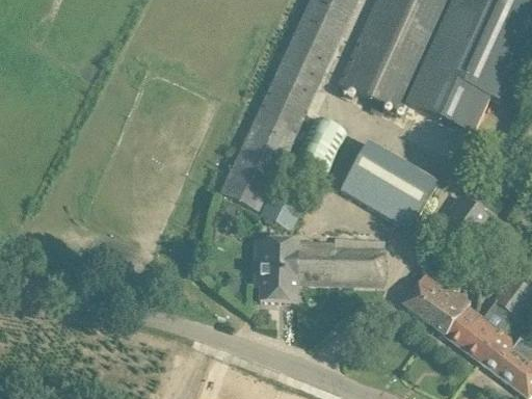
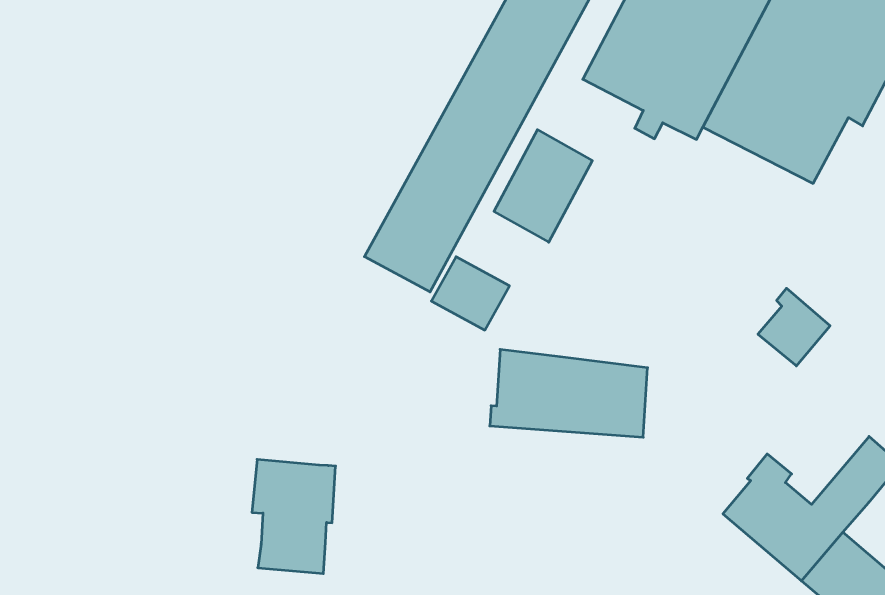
building: [340,141,437,230] -> none
building: [255,239,300,301] -> [252,459,336,574]
building: [403,270,455,325] -> none

